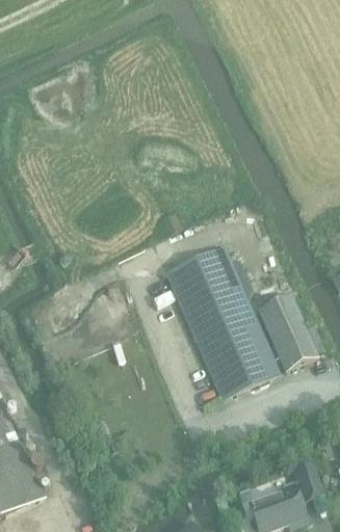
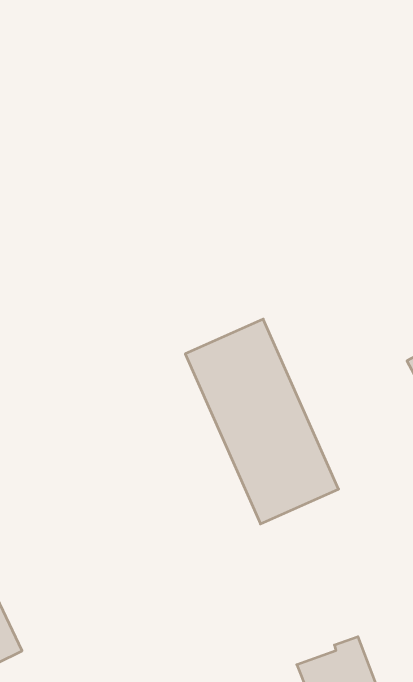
building: [258,293,317,370] -> none
building: [293,461,323,500] -> none

